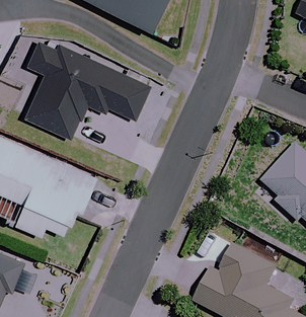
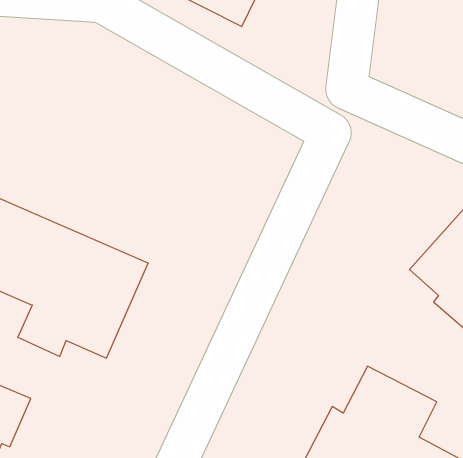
building: [25,43,150,141] -> none

